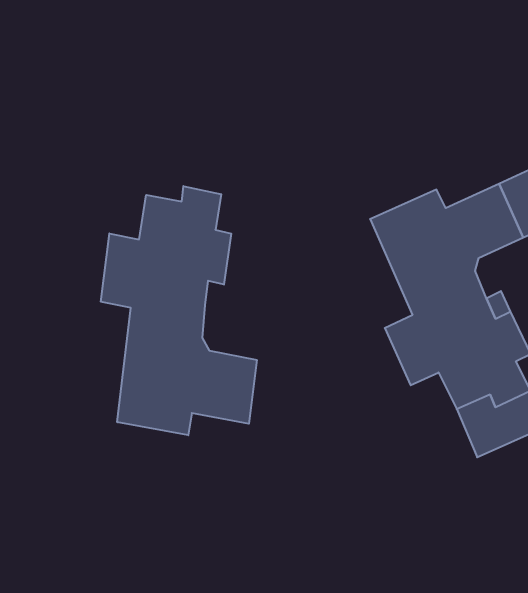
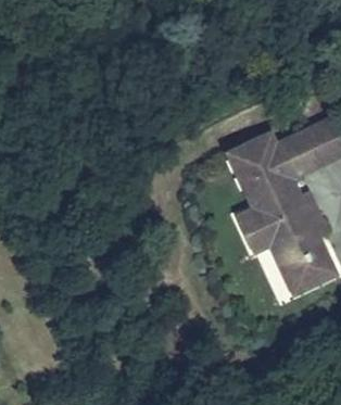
building: [101,186,257,435] -> none

